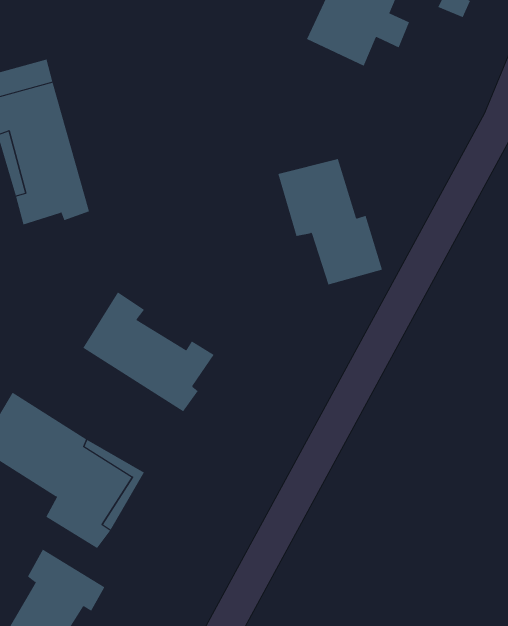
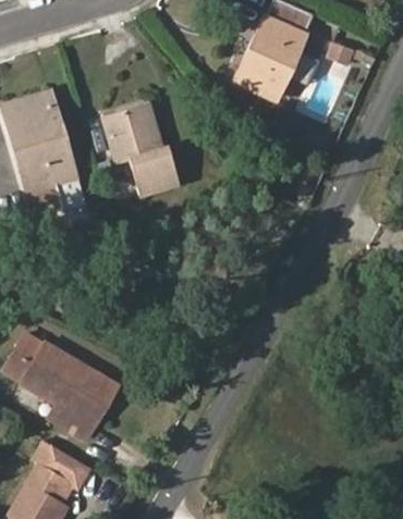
building: [278,159,383,285] -> [103,103,179,194]
building: [83,292,214,412] -> none

